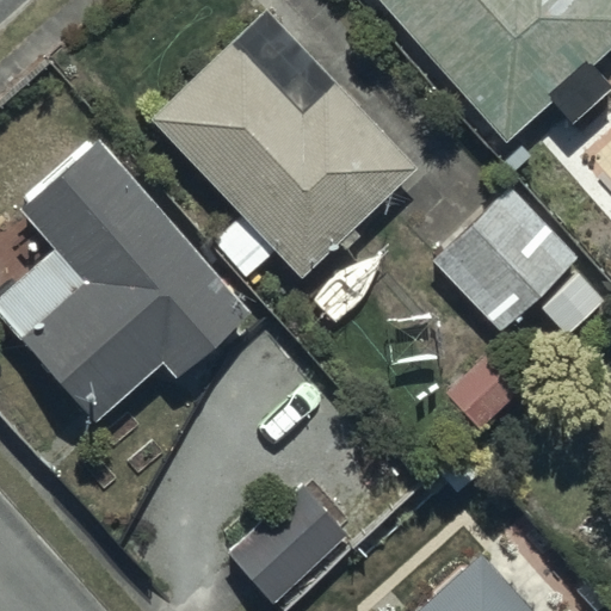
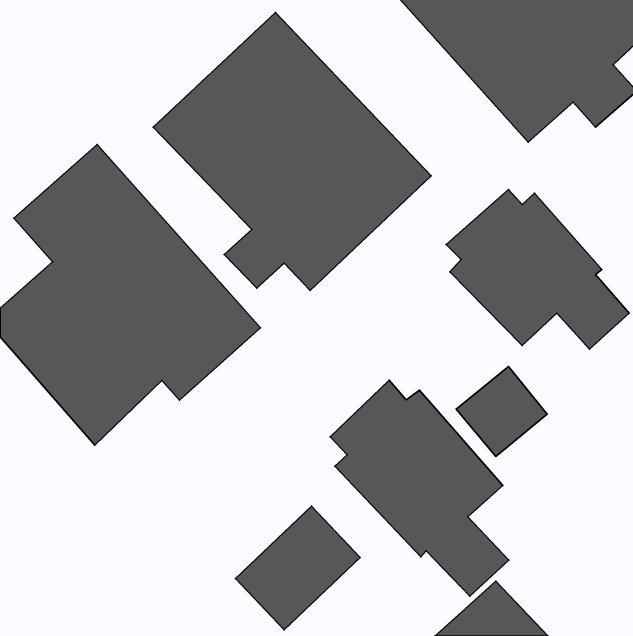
building: none -> [330,380,509,596]

